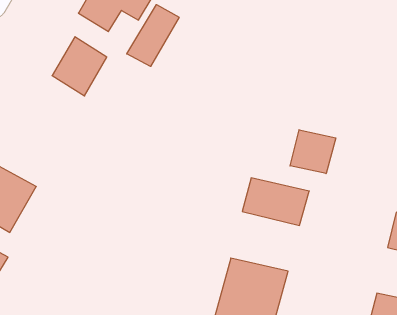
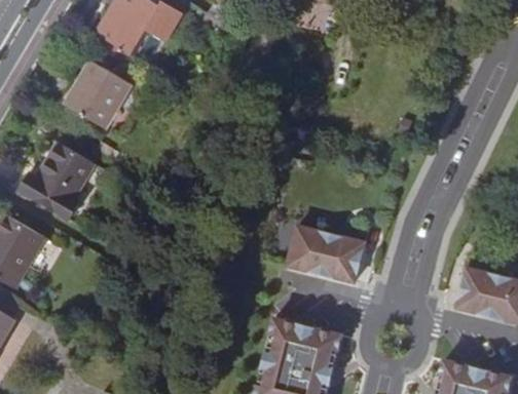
building: [127,5,179,66] -> none
building: none -> [16,145,92,222]
building: [290,130,336,174] -> none

